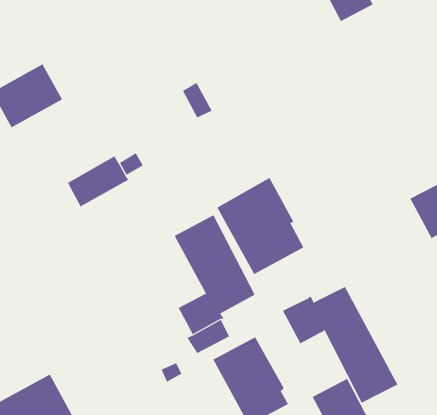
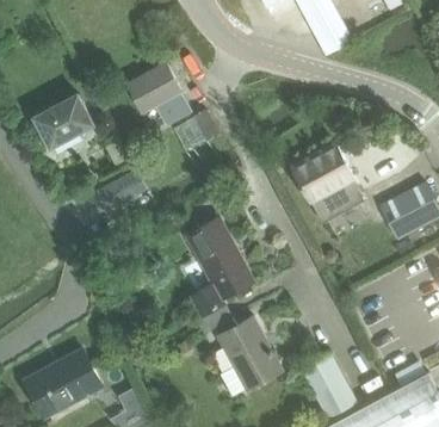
building: none -> [129,62,191,124]
building: [217,177,304,275] -> [292,143,365,224]
building: [282,286,398,404] -> none

